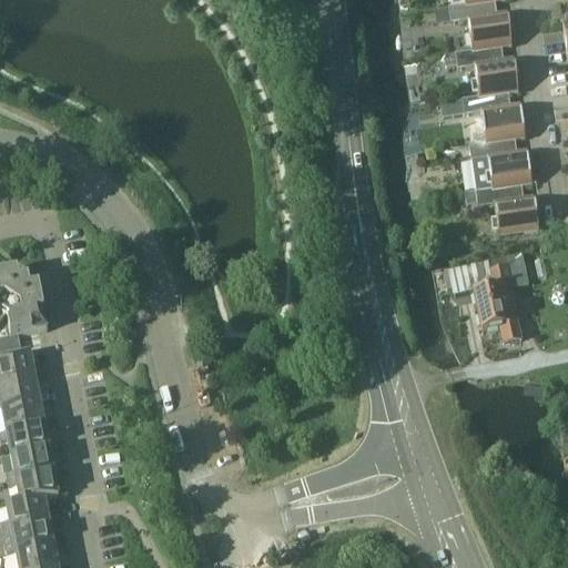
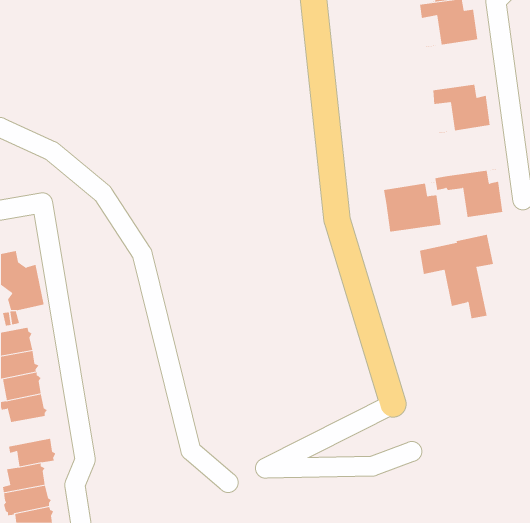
building: [455,42,518,97] -> none
building: [469,134,531,189] -> [383,181,441,232]
building: [7,446,54,478] -> none

